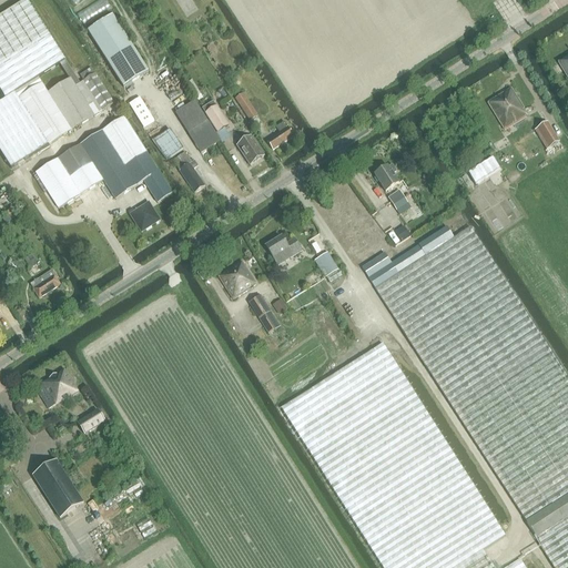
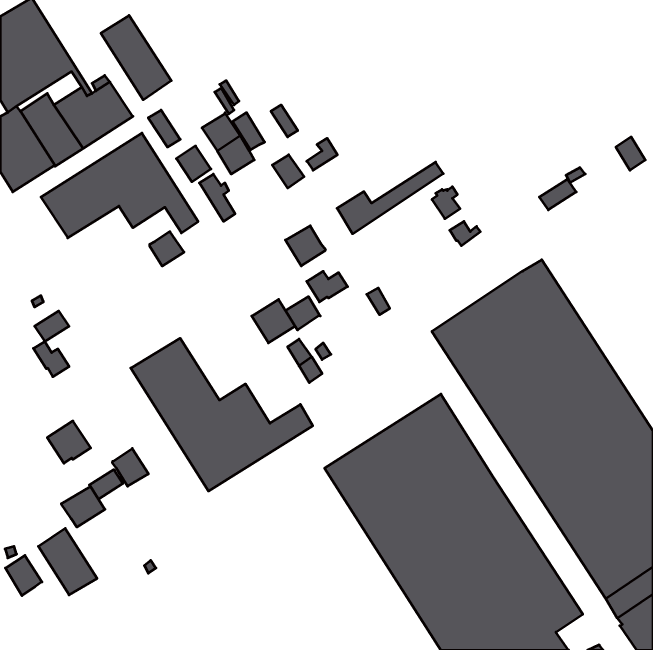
building: [488,87,526,129] -> none
building: none -> [285,226,325,266]
building: [362,225,454,287] -> [337,162,443,234]
building: none -> [286,297,320,330]
building: none -> [131,338,313,491]
building: none -> [33,342,69,377]
building: none -> [112,448,148,486]
building: none -> [61,487,105,527]
building: none -> [5,555,42,596]

